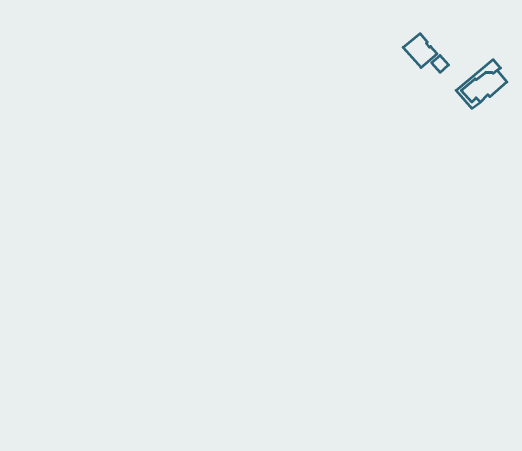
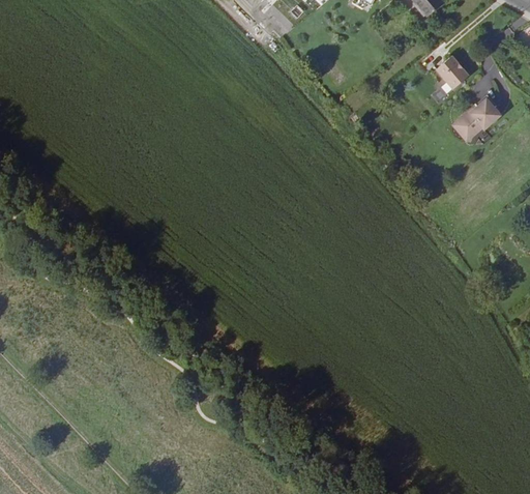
building: [403,34,437,68] -> [435,54,468,87]

